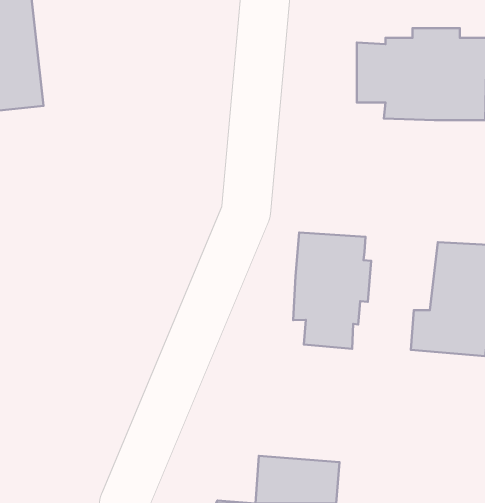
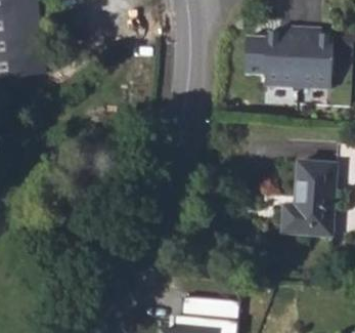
building: [293,233,371,349] -> none

